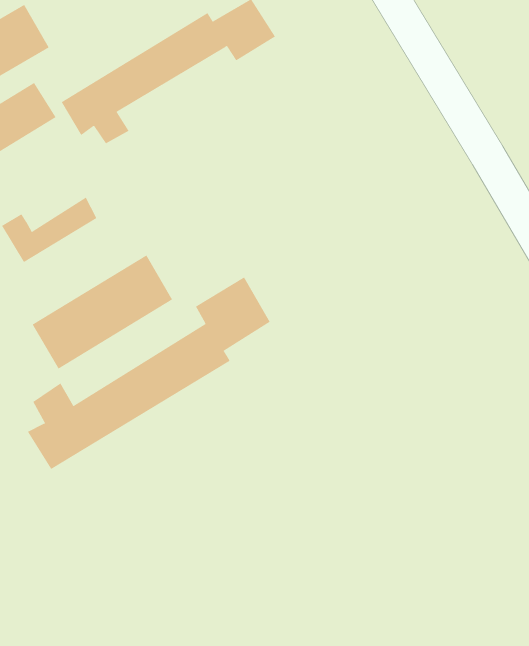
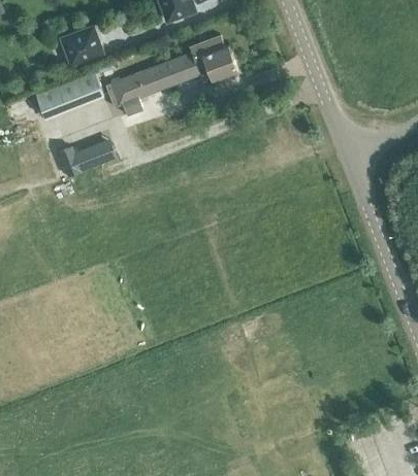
building: [32,255,173,370] -> none
building: [27,277,270,470] -> none

